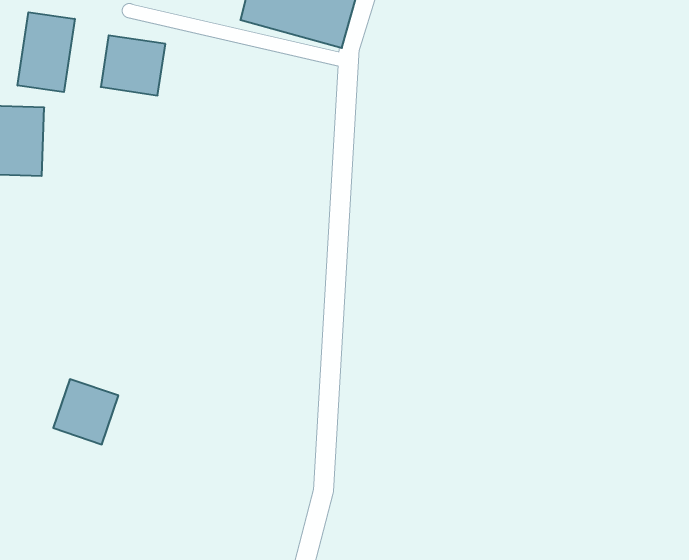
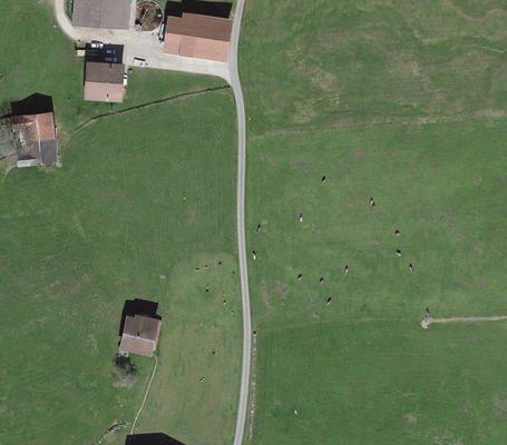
building: [18,12,75,92] -> none
building: [53,379,118,444] -> [123,316,160,354]

